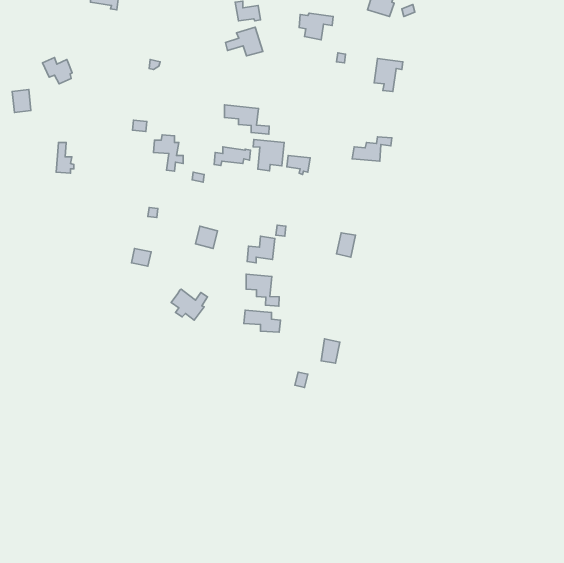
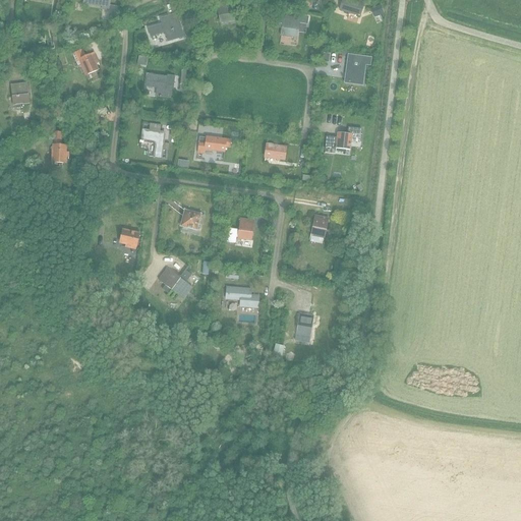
building: [225,27,263,56] -> [149,13,183,40]
building: [42,57,72,84] -> [70,48,98,72]
building: none -> [146,73,175,97]
building: [224,105,269,134] -> none
building: [253,139,284,171] -> none
building: [246,274,279,306] -> none

